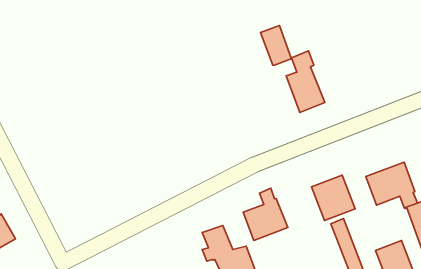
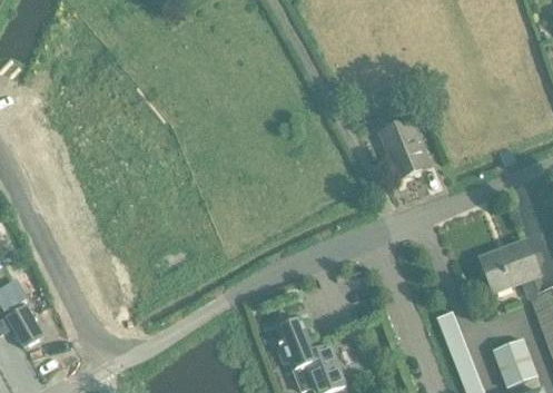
building: [260,26,291,65] -> none
building: [312,175,355,220] -> none
building: [243,188,288,240] -> none

